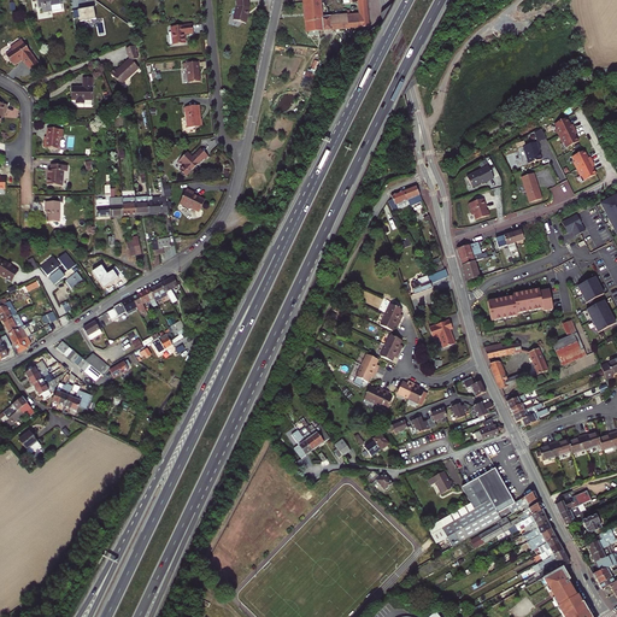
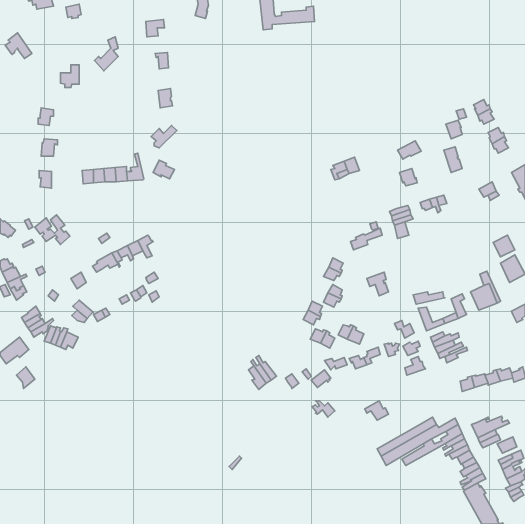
building: [488,287,553,319] -> none
building: [439,468,507,527] -> none

